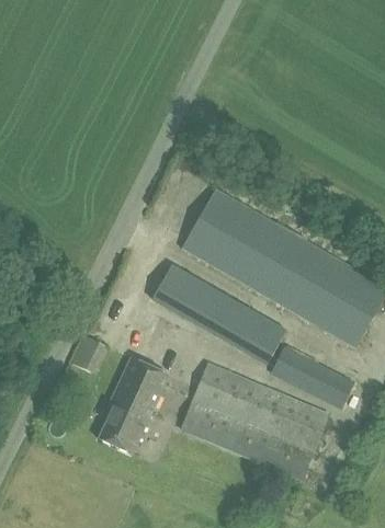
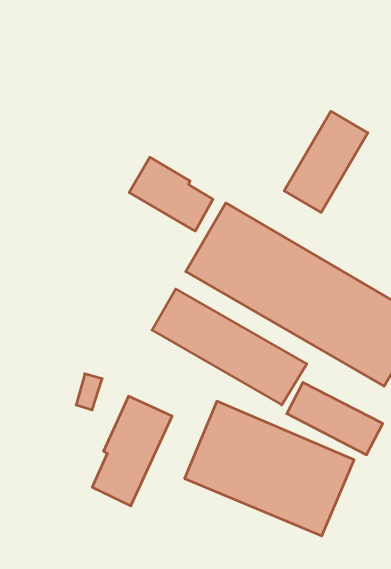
building: none -> [284,111,368,212]
building: none -> [129,157,213,231]

